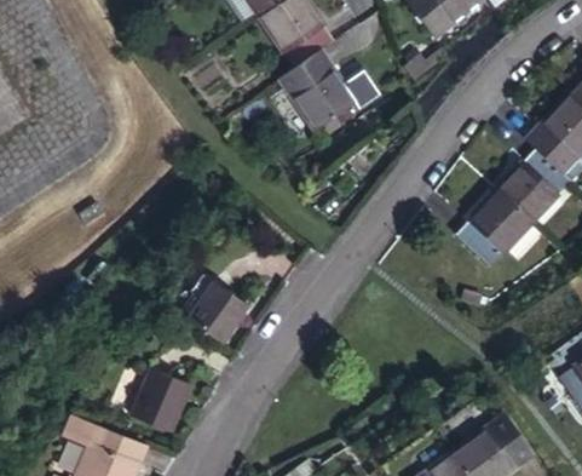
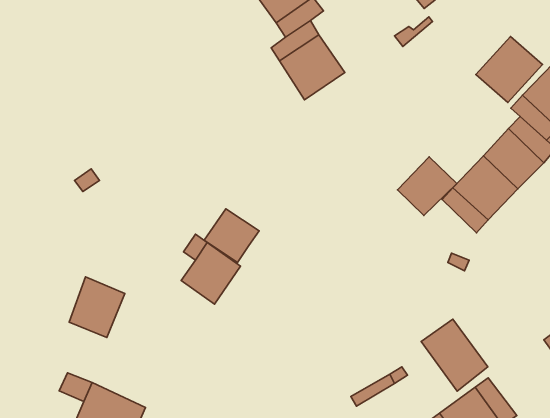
building: none -> [476,36,542,103]
building: none -> [397,157,457,216]
building: none -> [204,209,259,262]
building: none -> [421,319,488,391]
building: [134,371,191,432] -> [69,277,125,337]

